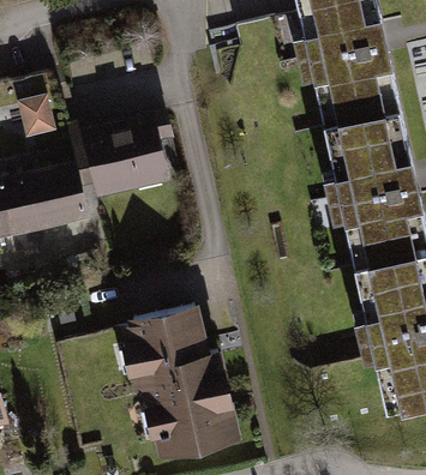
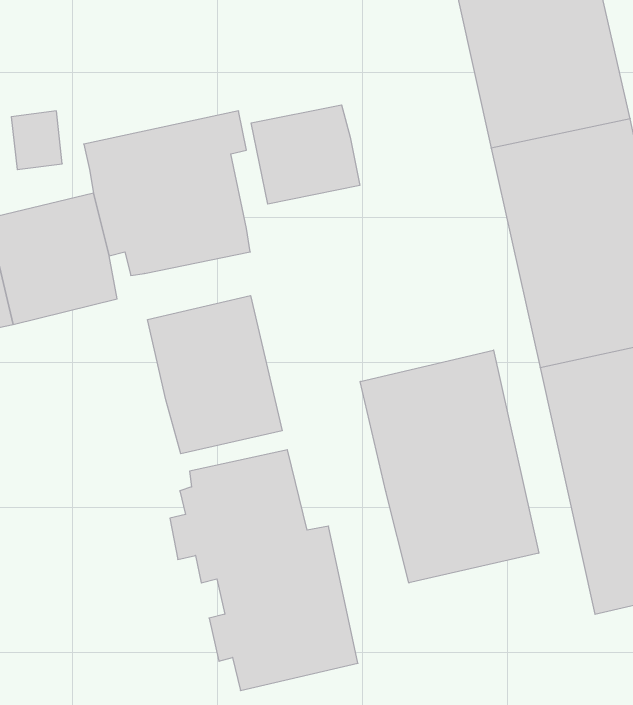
building: none -> [251,105,360,204]
building: none -> [148,296,282,454]
building: none -> [360,350,539,583]

